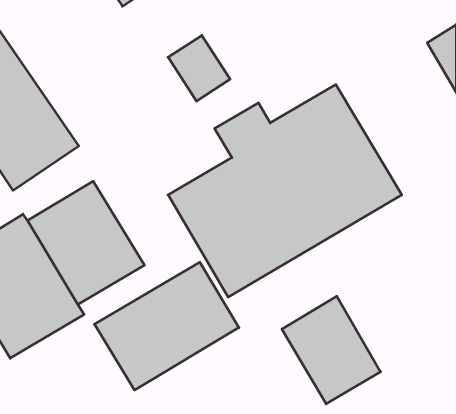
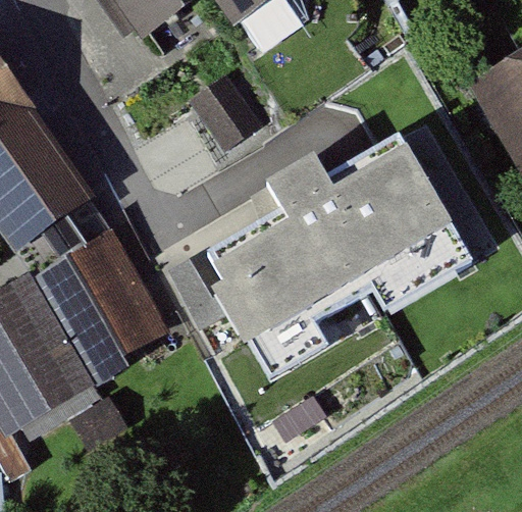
building: [94,262,239,390] -> none
building: [282,296,381,404] -> none

